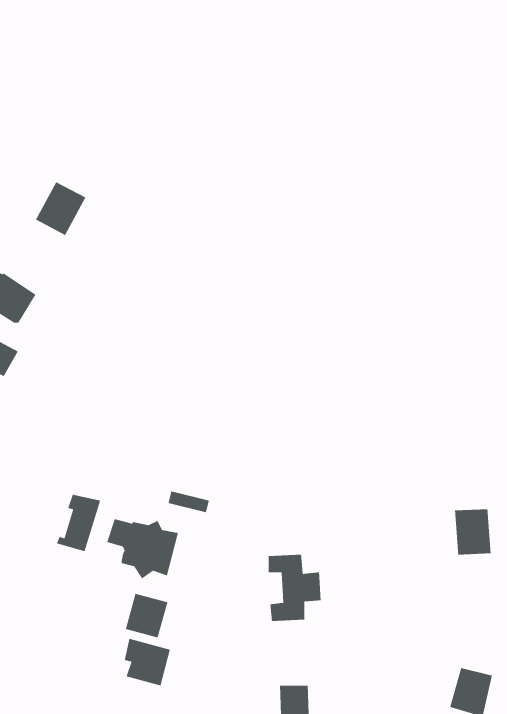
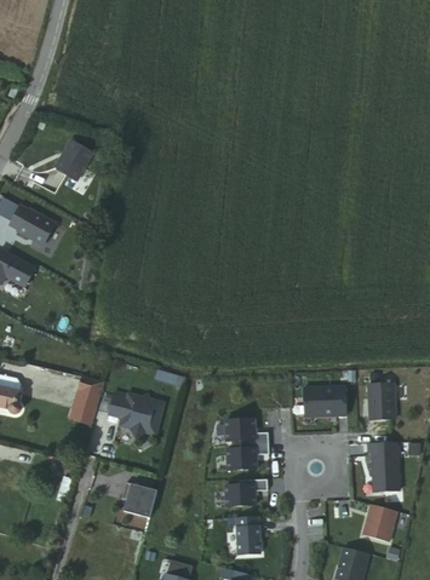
building: none -> [303,387,345,418]
building: none -> [368,442,399,492]
building: [125,593,168,639] -> none
building: none -> [228,479,268,506]

